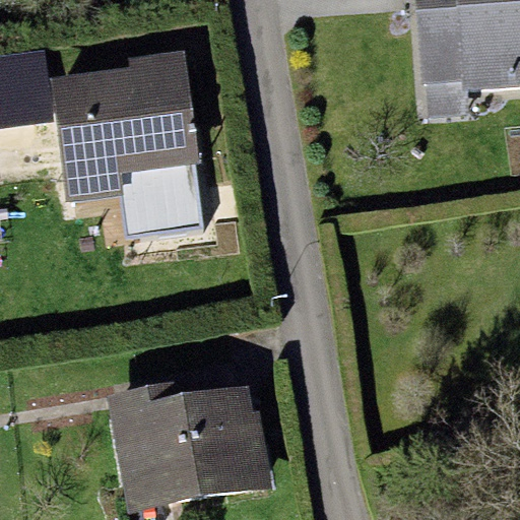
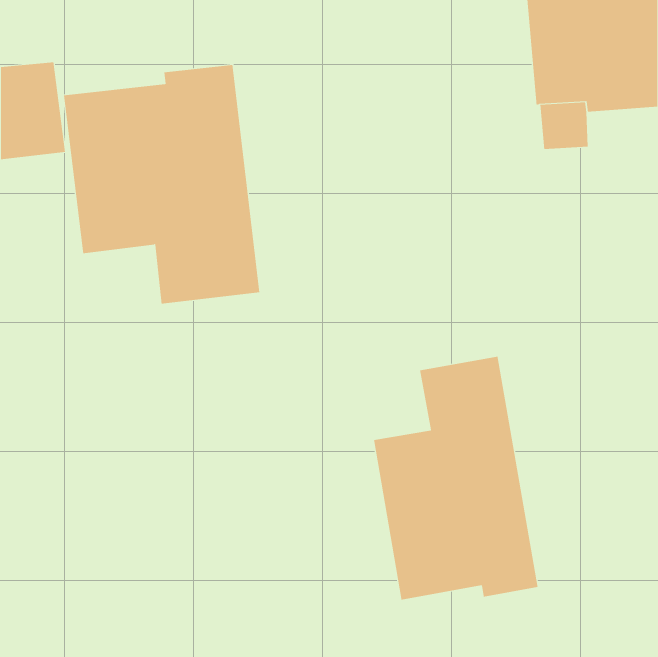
building: none -> [373,356,538,600]
building: [106,379,272,514] -> none

